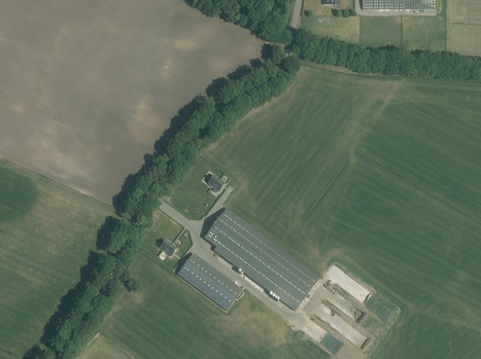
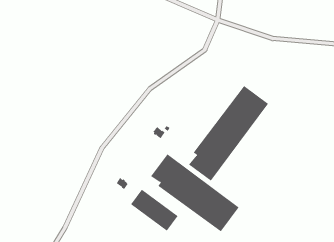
building: none -> [188,85,269,182]

